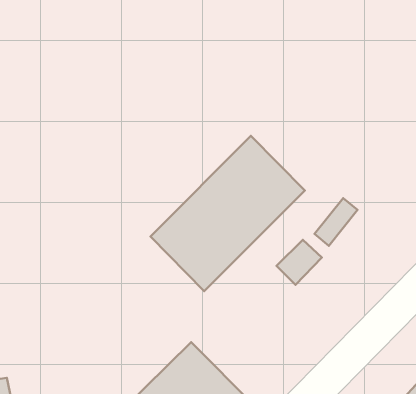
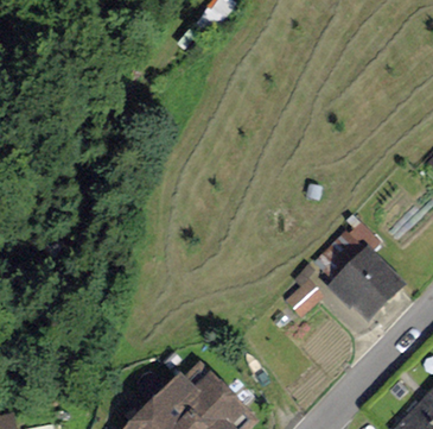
building: [151,136,305,291] -> none
building: none -> [329,250,401,322]

